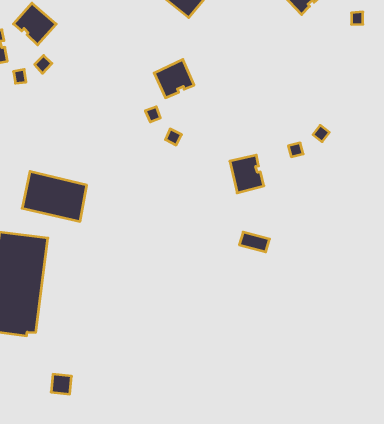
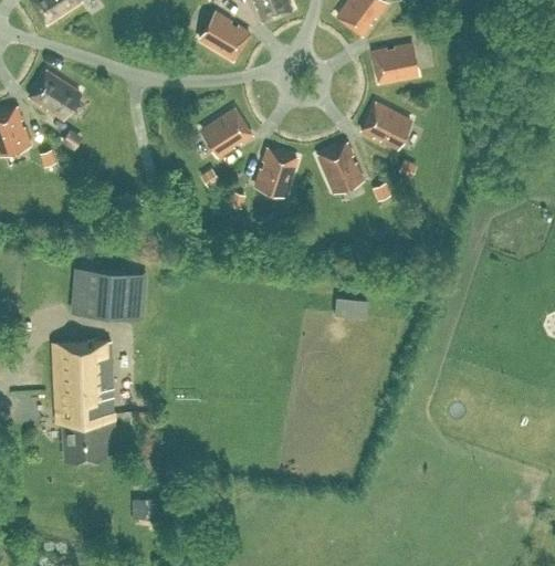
building: none -> [374,43,417,82]
building: none -> [363,103,410,148]
building: none -> [254,149,297,195]
building: [230,155,264,193] -> [318,144,363,191]

